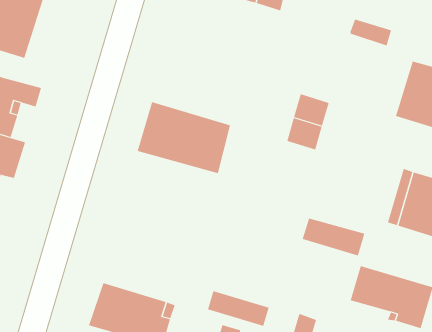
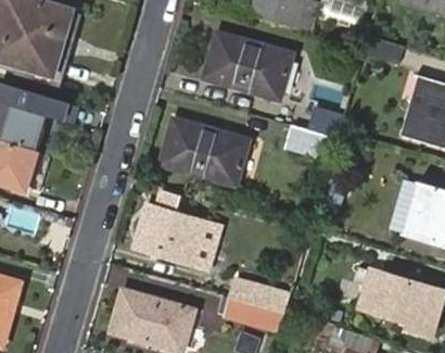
building: none -> [205,31,295,99]
building: none -> [139,206,207,264]
building: [302,218,365,256] -> [232,277,293,314]

